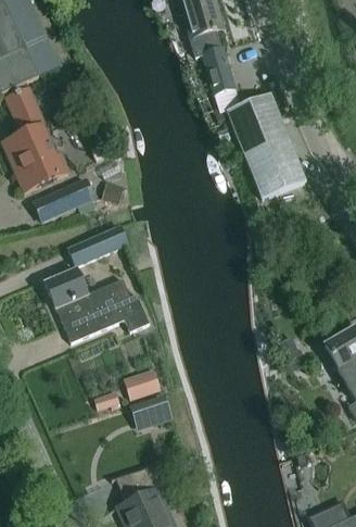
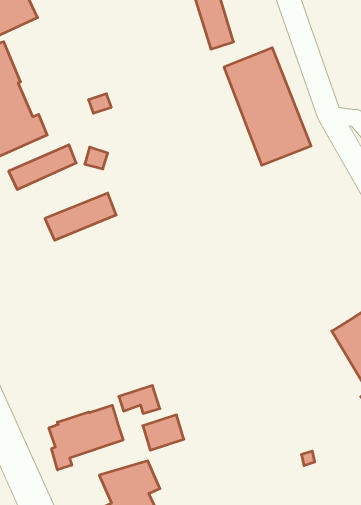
building: [46,268,151,342] -> none
building: [125,367,162,399] -> [143,415,184,450]
building: none -> [49,405,123,470]

